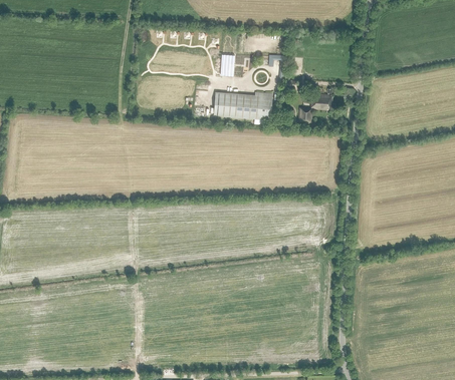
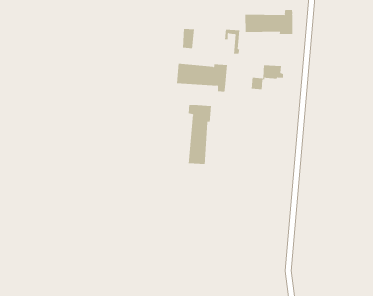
building: none -> [245,9,293,35]
building: none -> [188,104,212,165]

